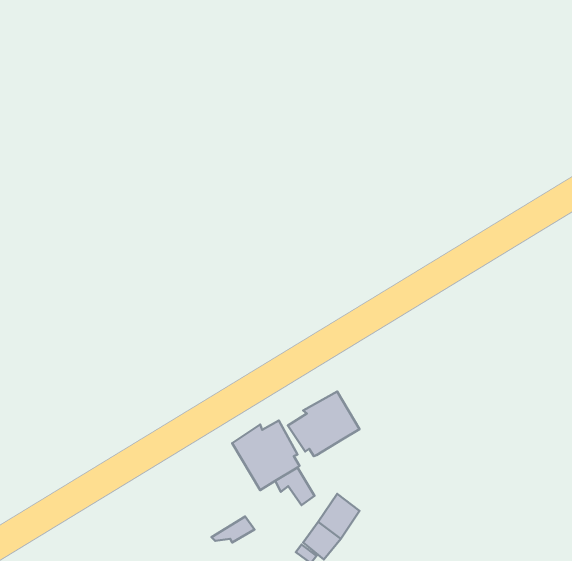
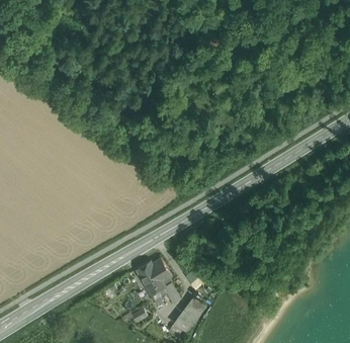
building: [288,392,360,456] -> none

